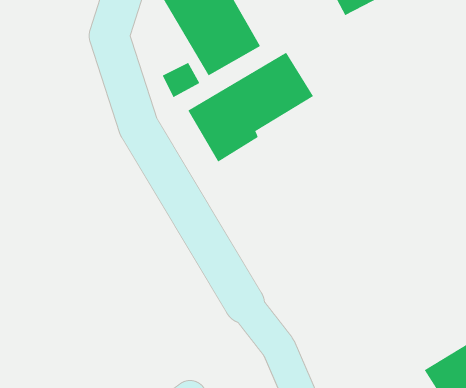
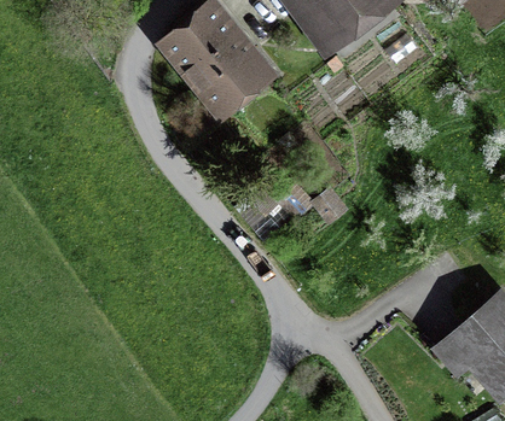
building: [187,52,314,162] -> none

